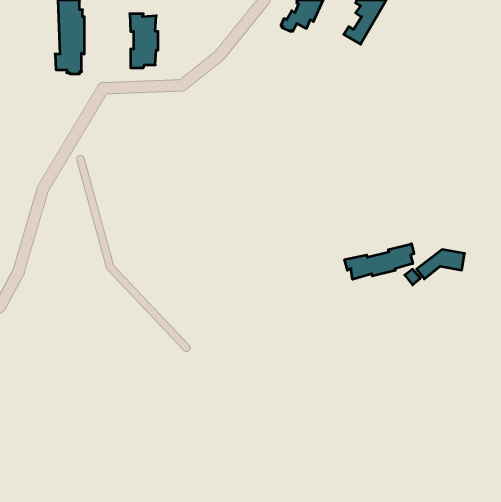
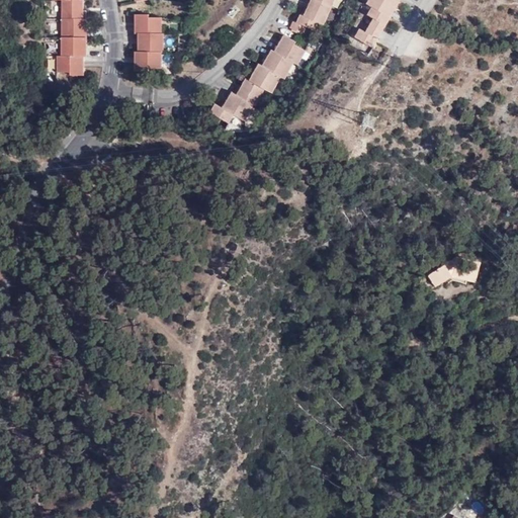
building: none -> [210,33,304,121]
building: [345,244,414,279] -> none

